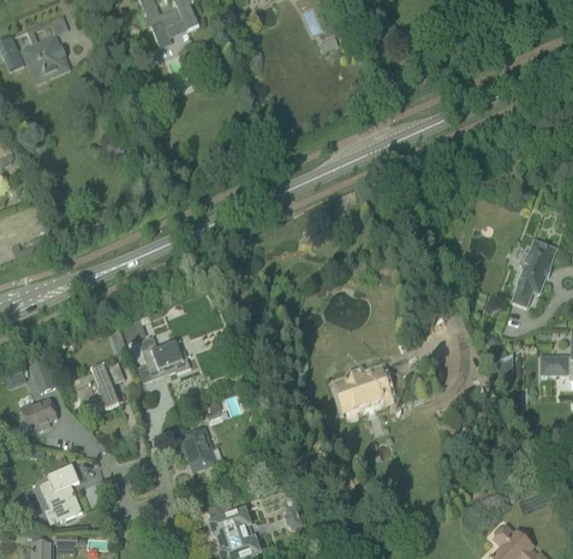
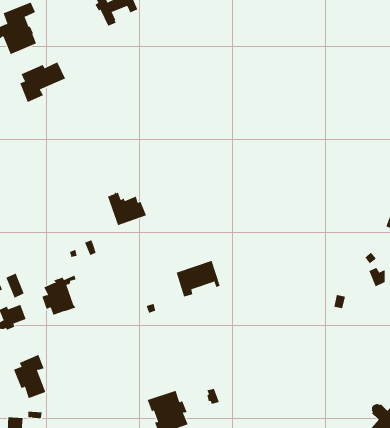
building: none -> [20,61,66,103]
building: [138,335,189,379] -> [107,192,147,226]
building: [335,368,392,415] -> [176,260,221,297]
building: [179,427,215,470] -> none

